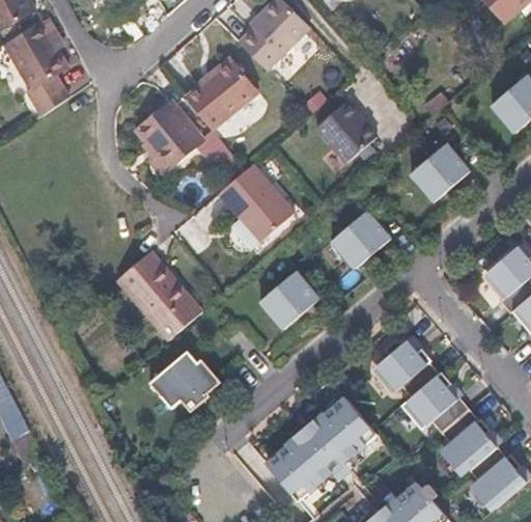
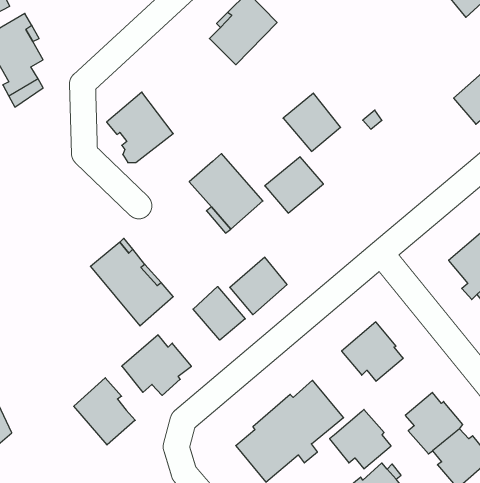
building: [185,57,262,132] -> none
building: [410,143,469,201] -> none
building: [330,211,390,269] -> [265,157,323,213]
building: none -> [193,287,245,340]
building: [406,372,469,433] -> [330,409,391,469]
building: none -> [74,378,135,445]

